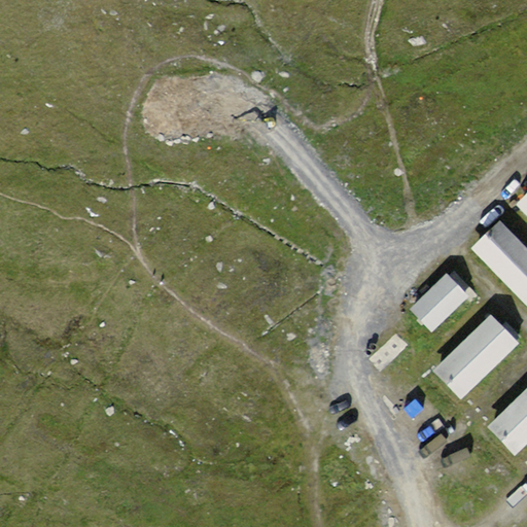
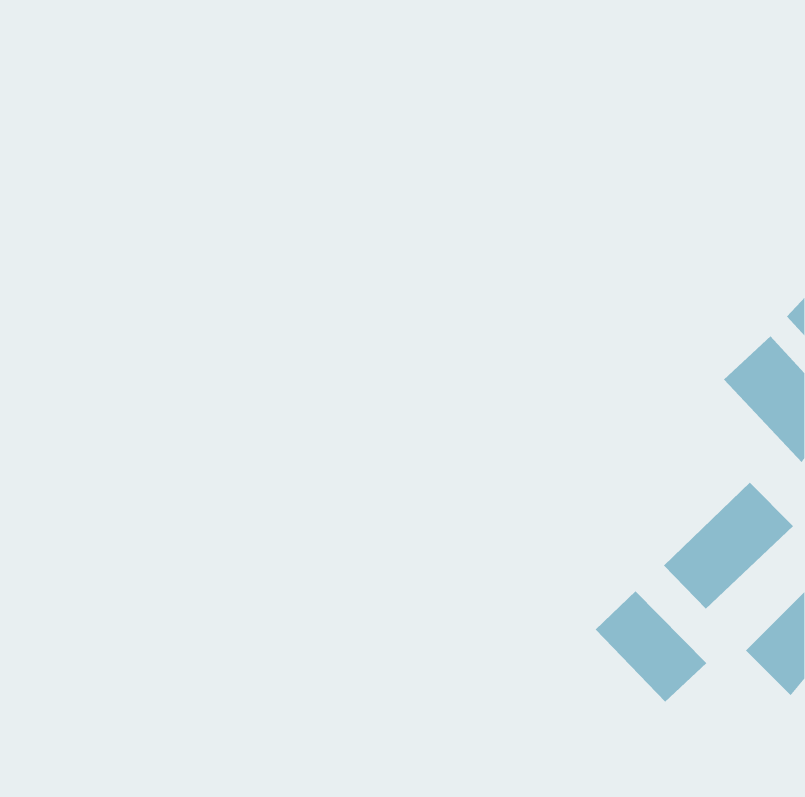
building: [411,271,471,329] -> none
building: none -> [595,591,707,702]

